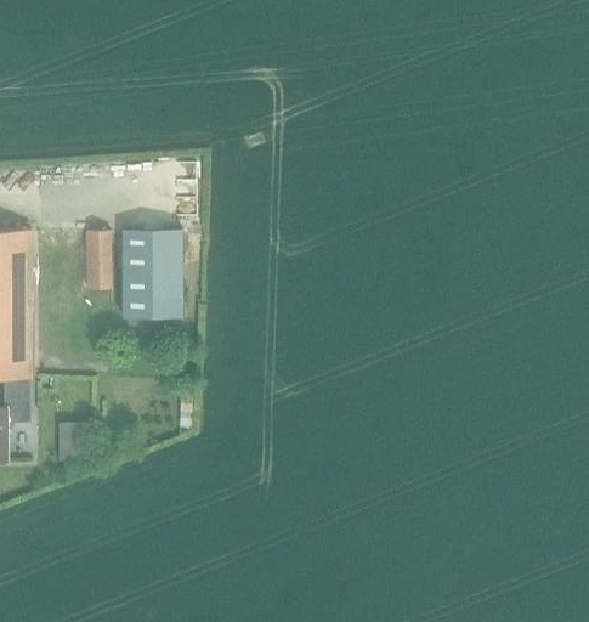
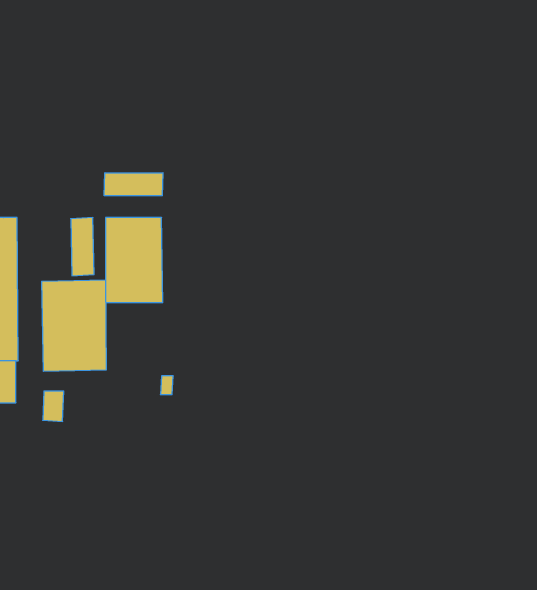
building: none -> [104,173,163,196]
building: none -> [42,280,106,371]

